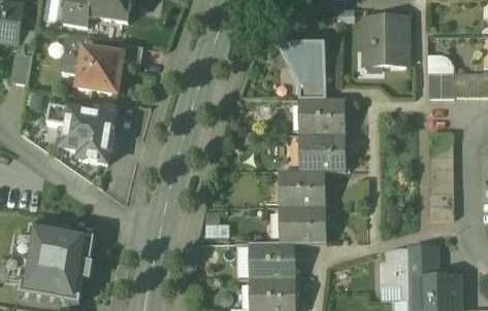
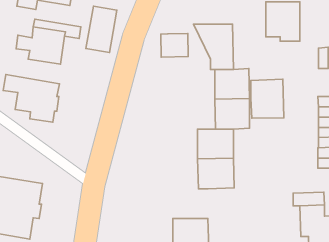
building: none -> [86,6,117,53]
building: none -> [161,34,188,57]
building: none -> [251,79,284,118]
building: [252,242,294,278] -> none

